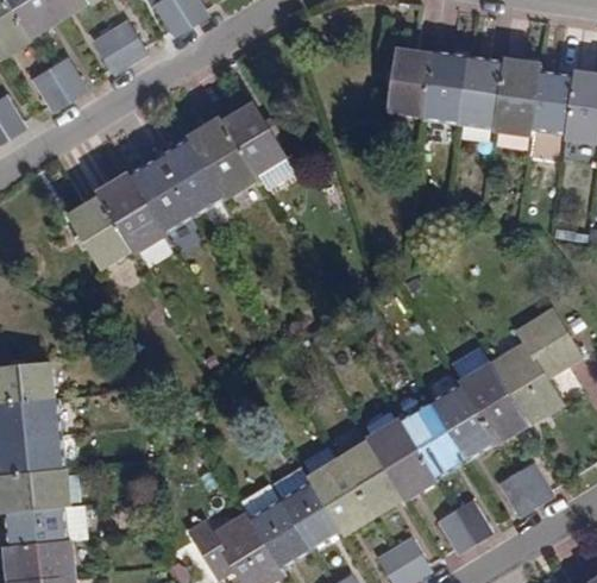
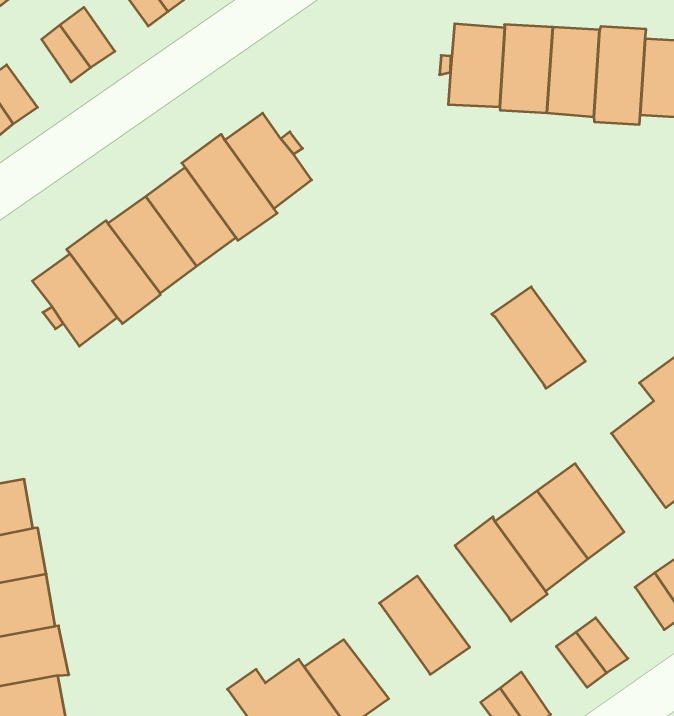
building: [459,364,526,440] -> [492,287,585,388]
building: [338,440,403,514] -> none
building: [279,482,340,547] -> none

